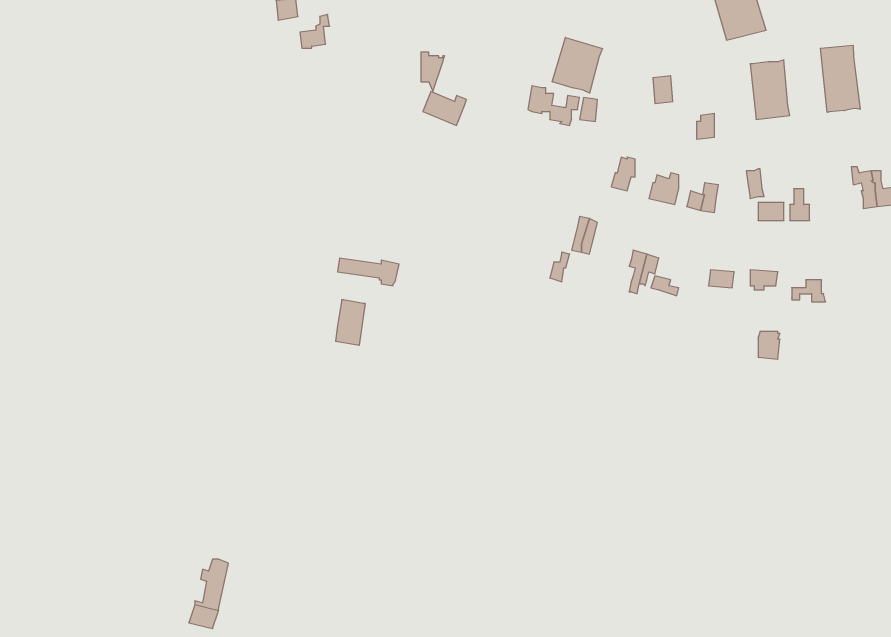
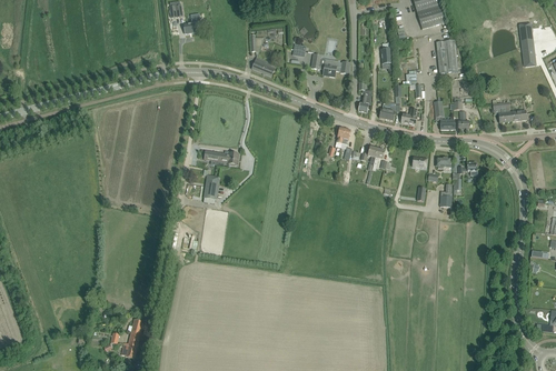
building: [552,37,603,93] -> none
building: [820,45,860,112] -> none

